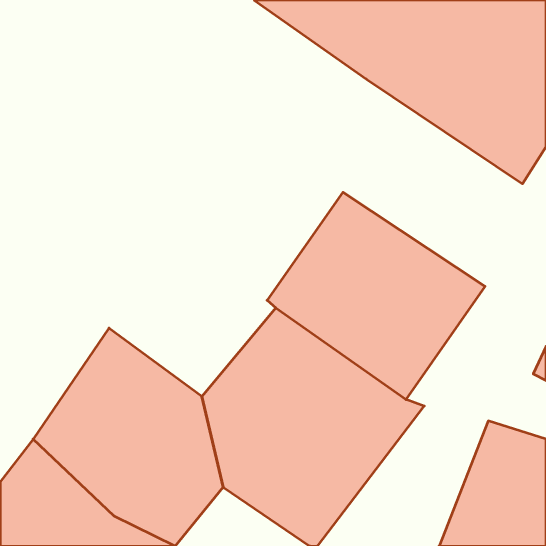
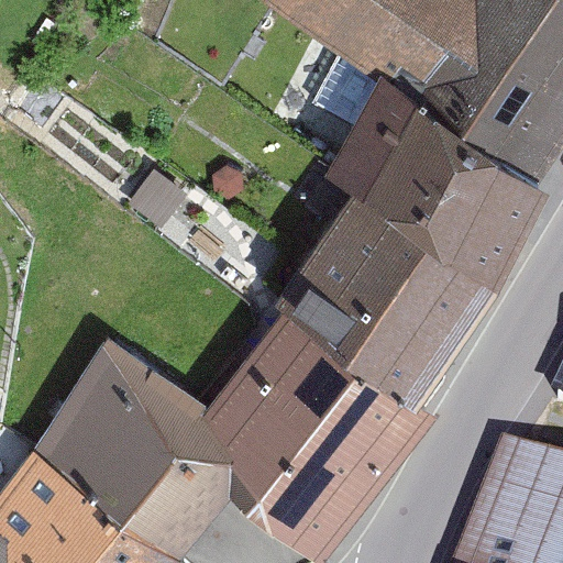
building: none -> [324,81,551,295]

